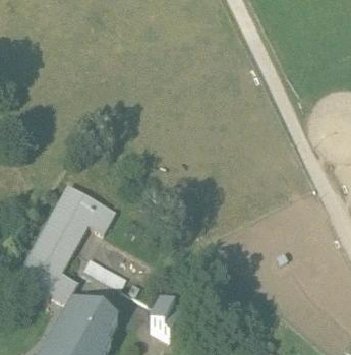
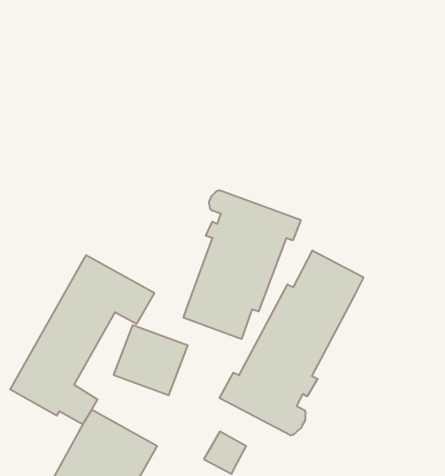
building: none -> [184,190,301,339]
building: none -> [220,250,363,436]

